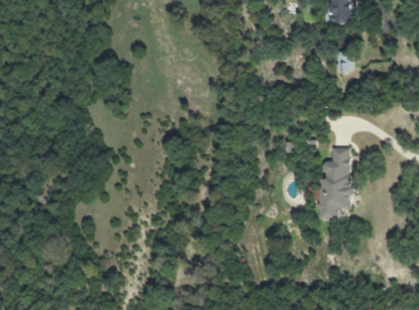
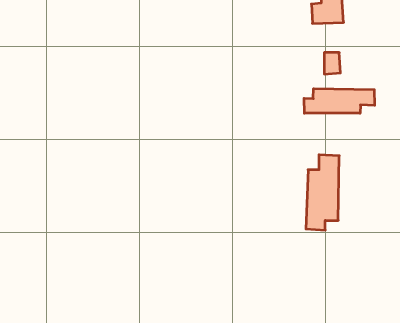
building: none -> [304,89,375,113]

